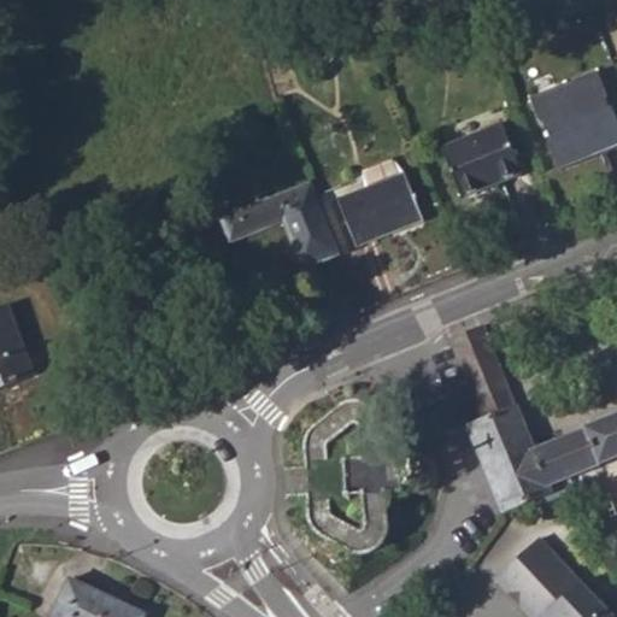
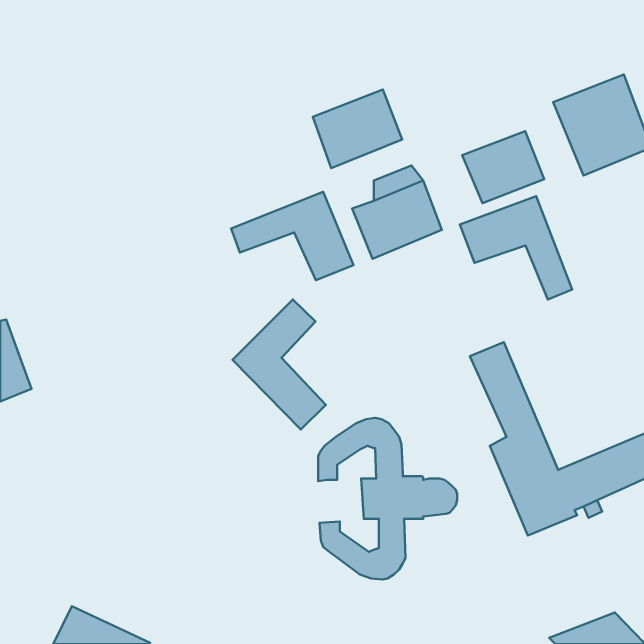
building: none -> [313,89,402,168]
building: none -> [460,196,572,299]
building: none -> [233,300,326,429]
building: [494,533,588,609] -> none

